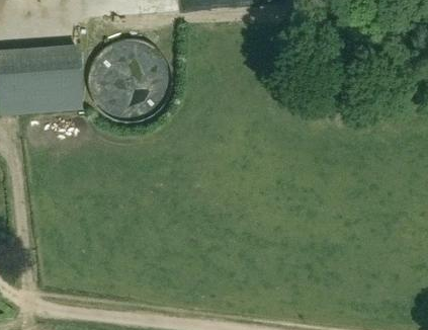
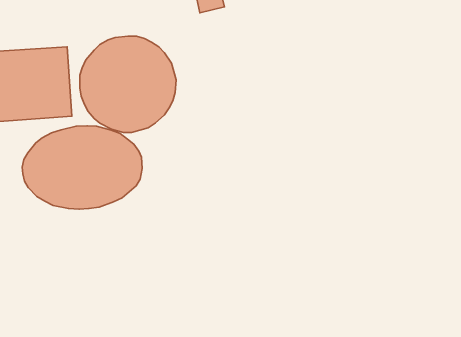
building: none -> [22,126,142,209]

